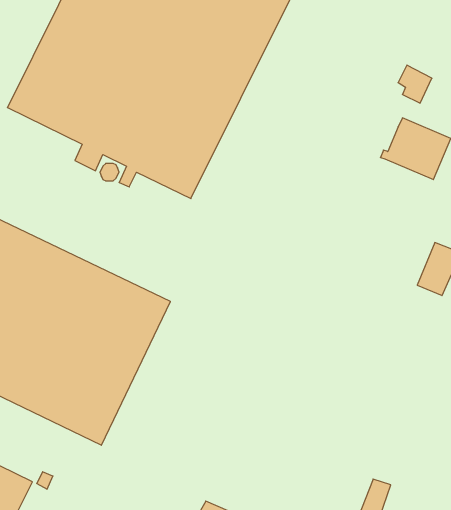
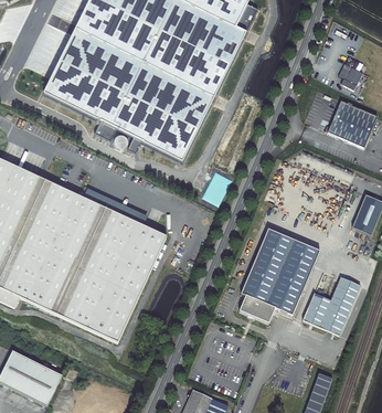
building: none -> [238,226,319,321]
building: none -> [301,275,360,333]

